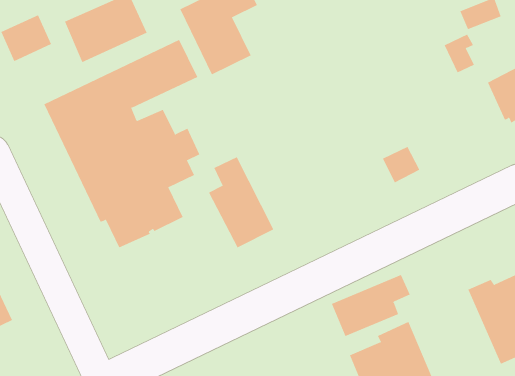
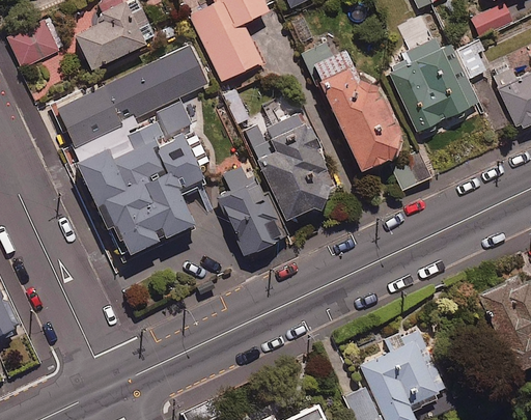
building: none -> [390,37,478,132]
building: none -> [312,51,398,171]
building: none -> [247,110,331,220]
building: [331,274,411,337] -> none

